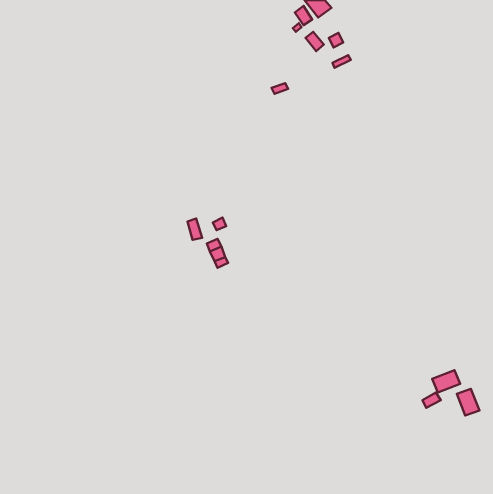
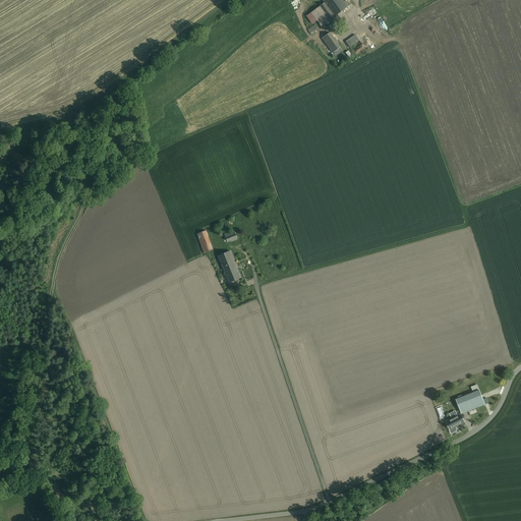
building: [457,389,479,415] -> none

